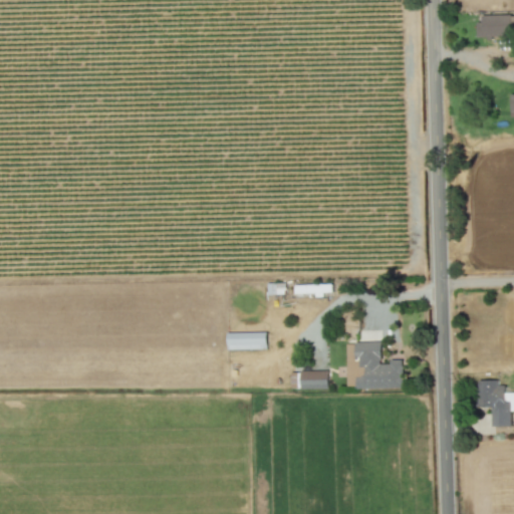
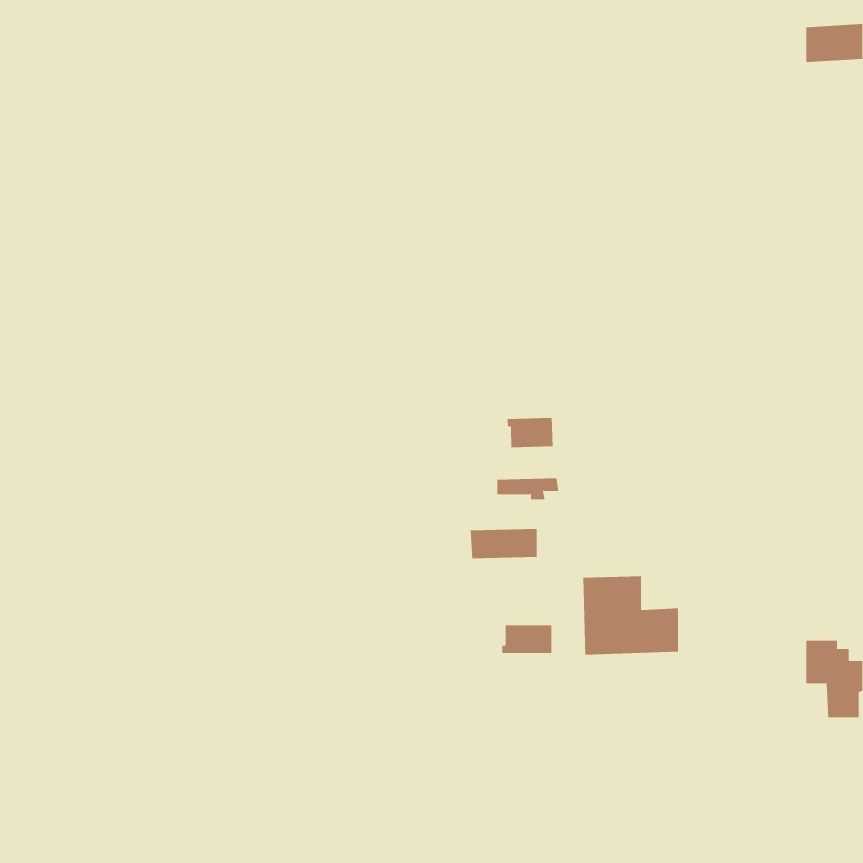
building: none -> [507,417,553,448]
building: [227,332,267,350] -> [470,529,538,559]

